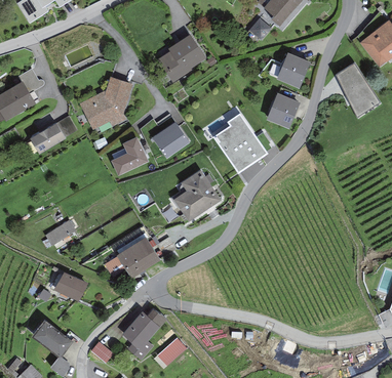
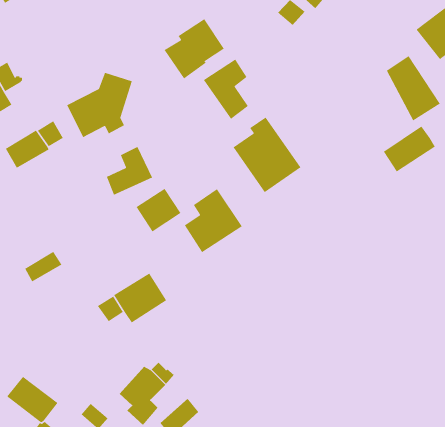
building: [276,50,311,87] -> none
building: none -> [203,58,249,120]
building: [266,91,300,128] -> none
building: none -> [383,125,436,173]
building: [152,121,189,157] -> [135,188,181,232]
building: [53,270,87,300] -> none

